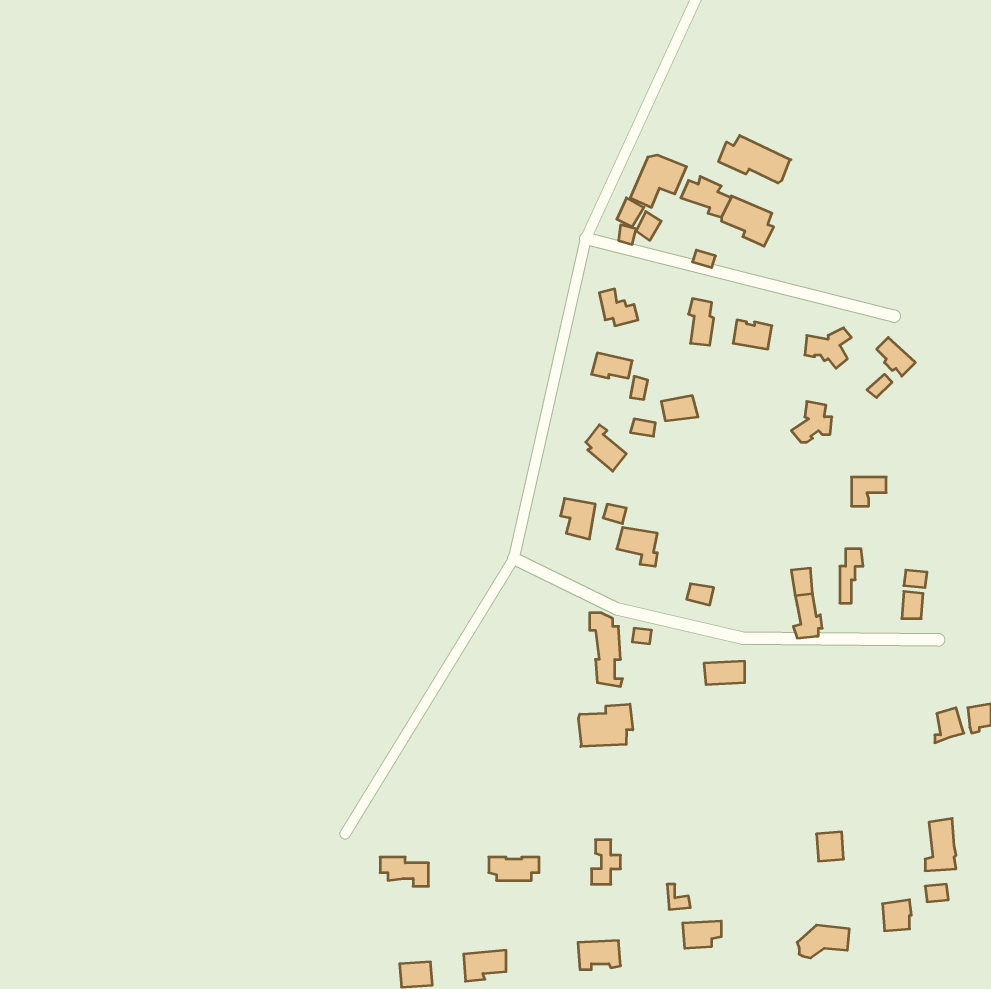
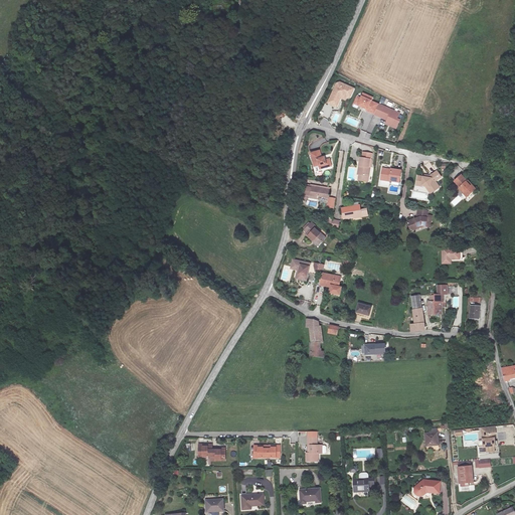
building: [719,135,791,183] -> none
building: [579,704,633,747] -> none

